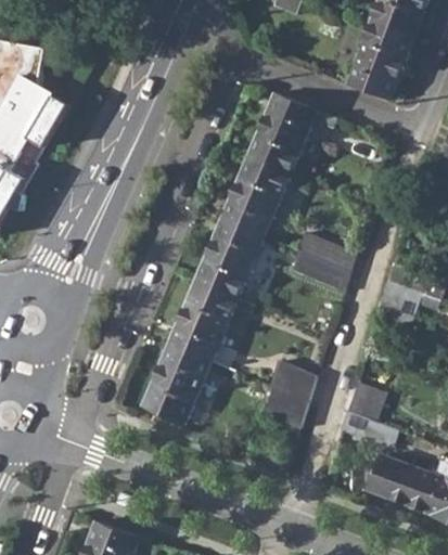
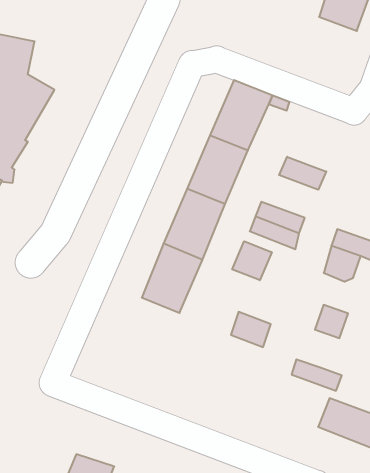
building: [348,21,414,101] -> none
building: none -> [279,157,326,190]
building: none -> [232,241,272,280]
building: [140,341,212,425] -> none
building: [261,384,307,425] -> none
building: [345,384,383,422] -> [315,305,348,338]

